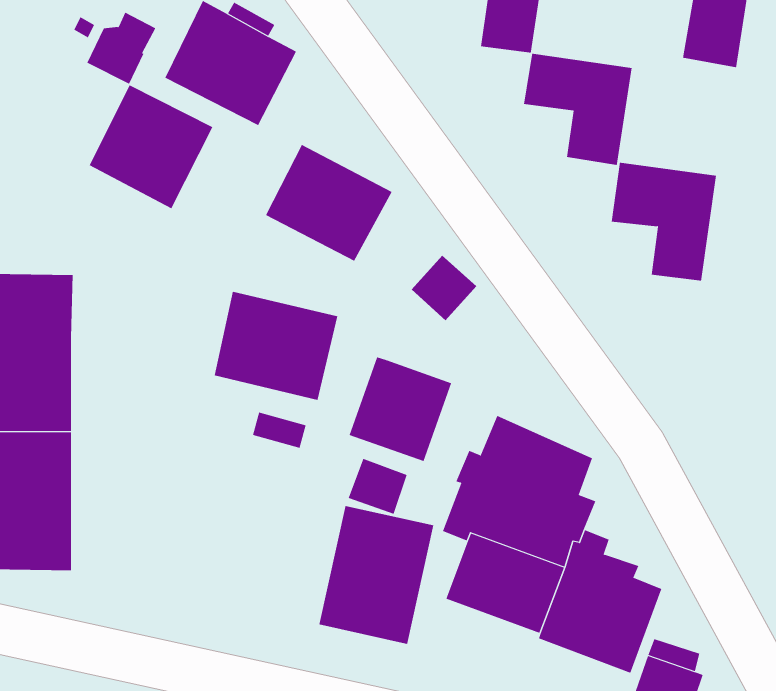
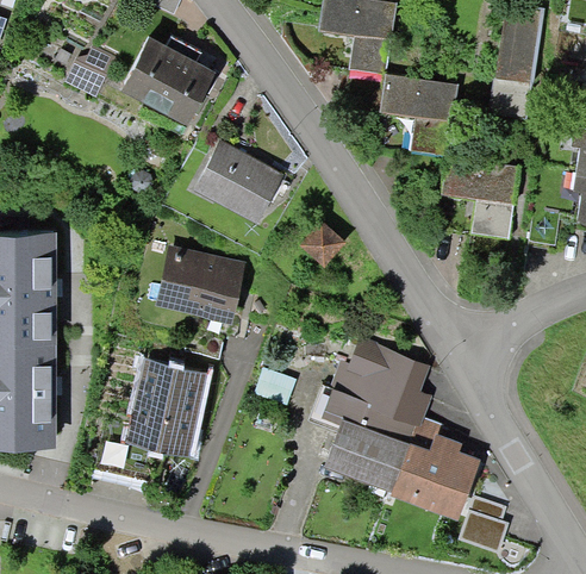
building: [89,84,213,209] -> none
building: [349,356,452,462] -> none
building: [318,505,434,644] -> [125,357,208,457]

